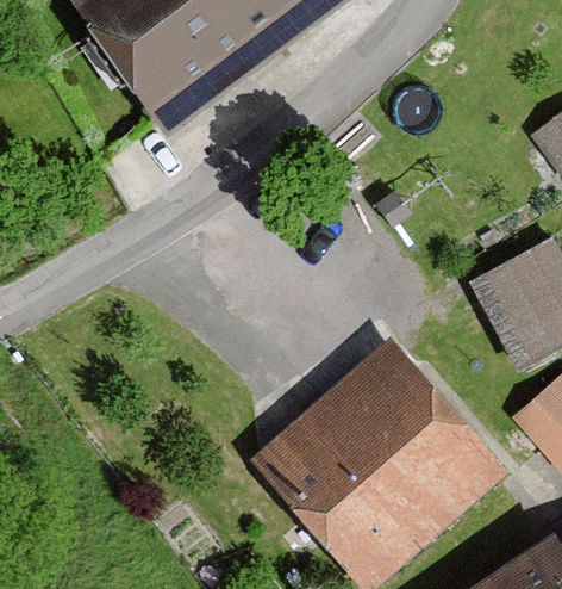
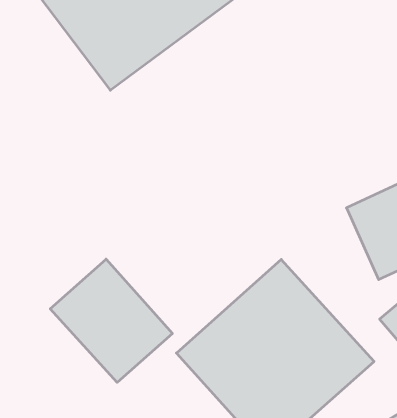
building: none -> [50,259,172,382]

